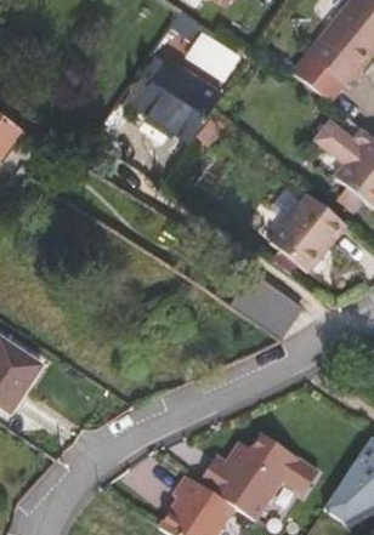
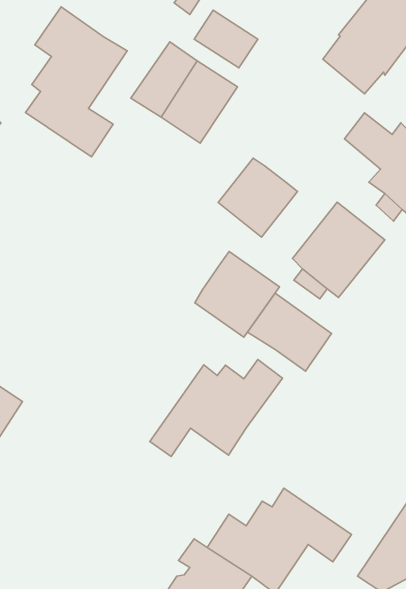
building: none -> [25,7,127,157]
building: none -> [218,158,297,237]
building: none -> [195,252,280,337]
building: none -> [150,360,283,457]

